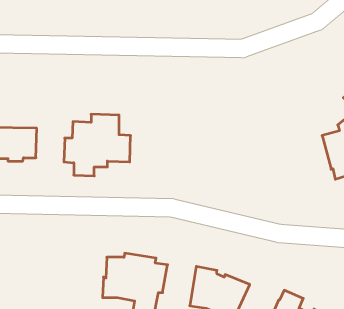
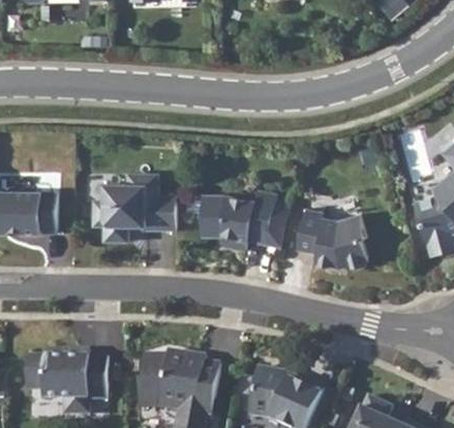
building: none -> [201,191,274,250]
building: none -> [295,209,367,270]
building: none -> [26,350,107,415]

